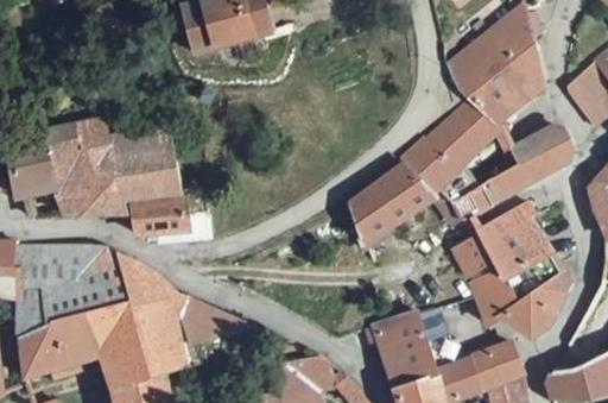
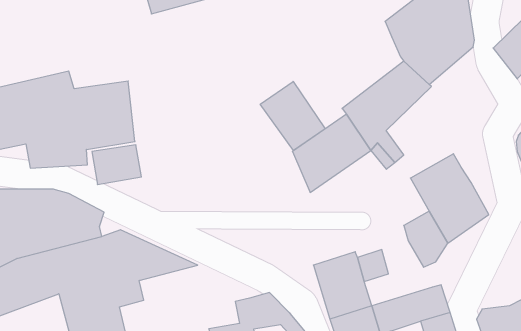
building: none -> [260,81,325,151]
building: [469,128,571,207] -> none
building: [446,231,495,282] -> none
building: [502,270,564,336] -> none

